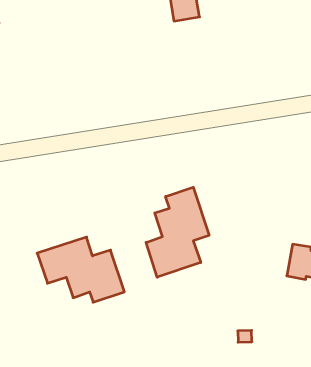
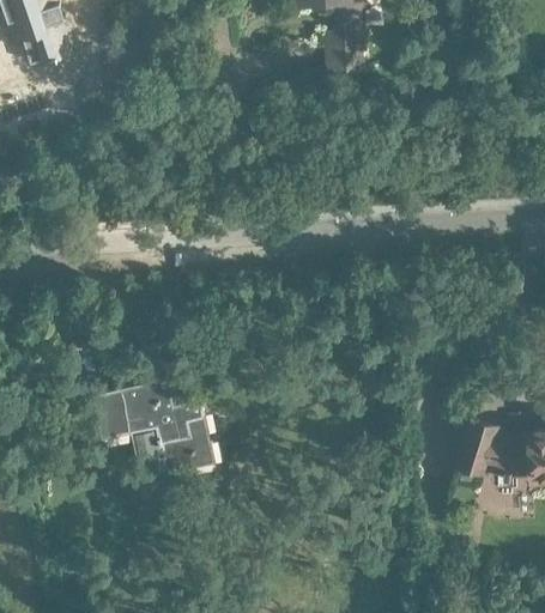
building: [146,187,209,277] -> none

